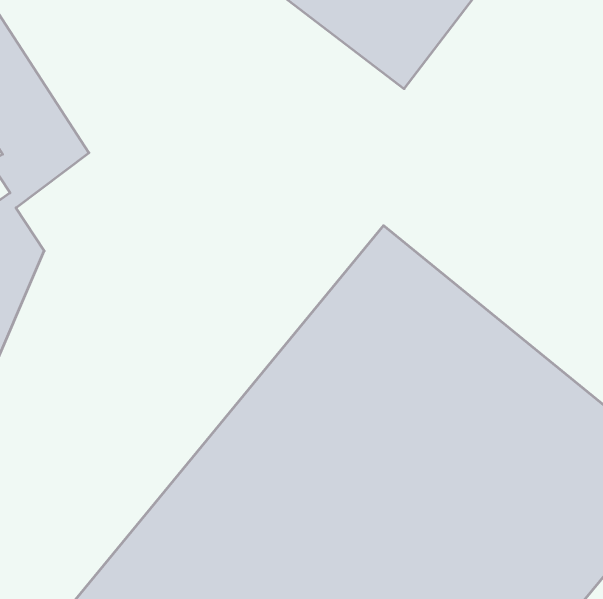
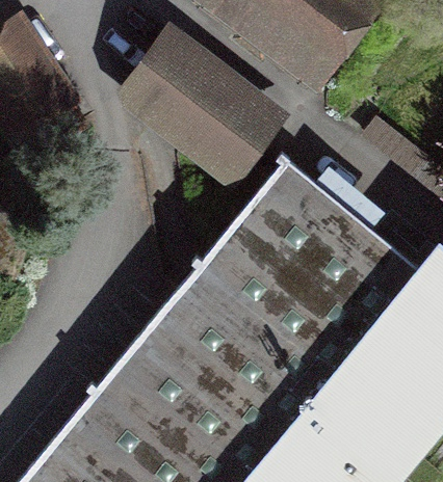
building: none -> [125,35,273,180]

